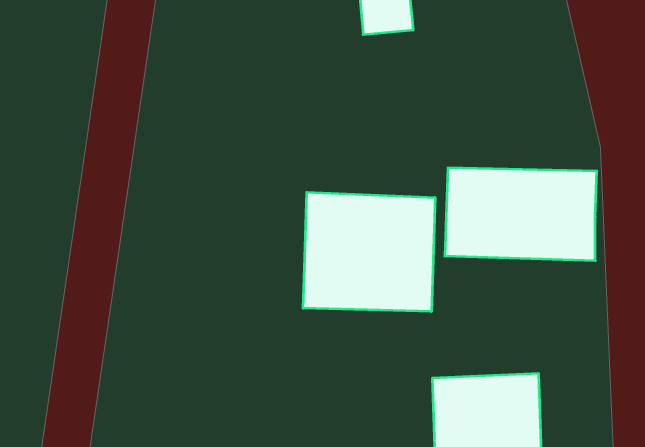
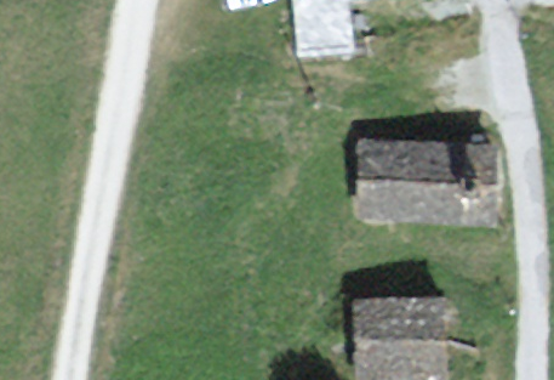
building: [303,192,435,312] -> none

